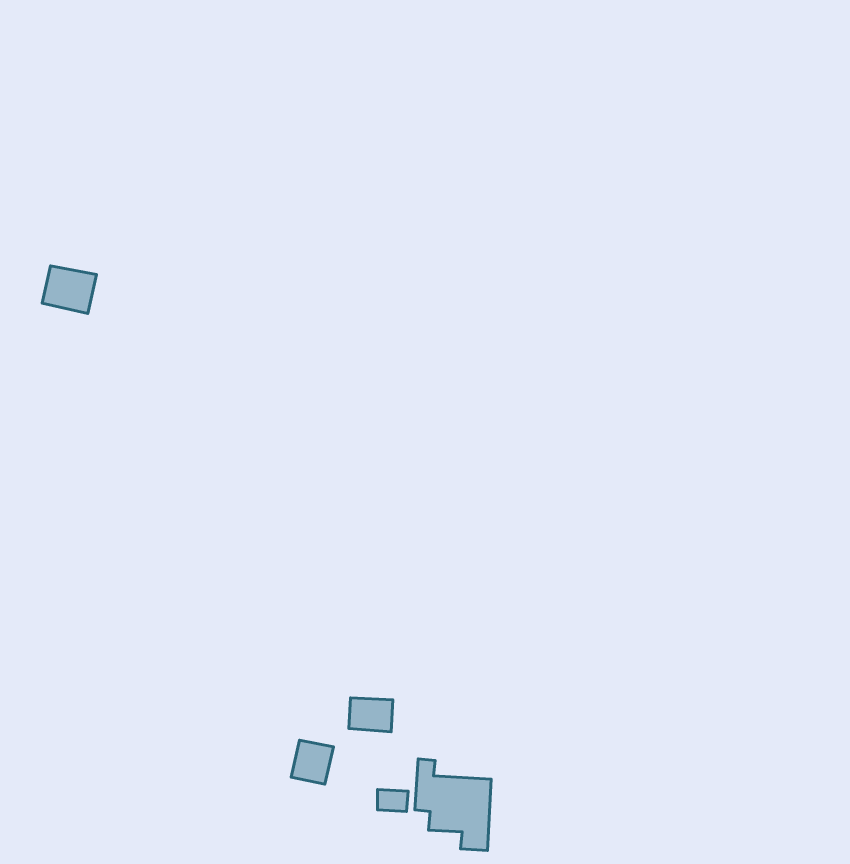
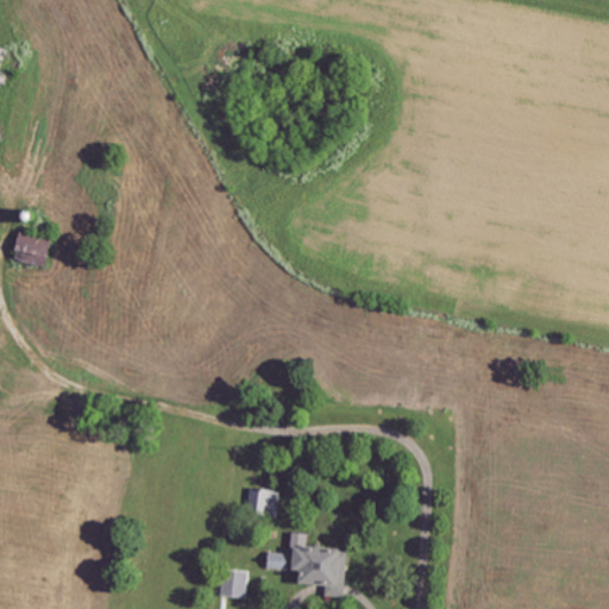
building: [42,266,96,313] -> [13,234,51,268]
building: [291,740,333,784] -> [216,567,246,598]

